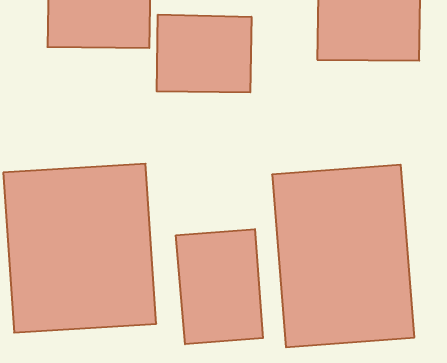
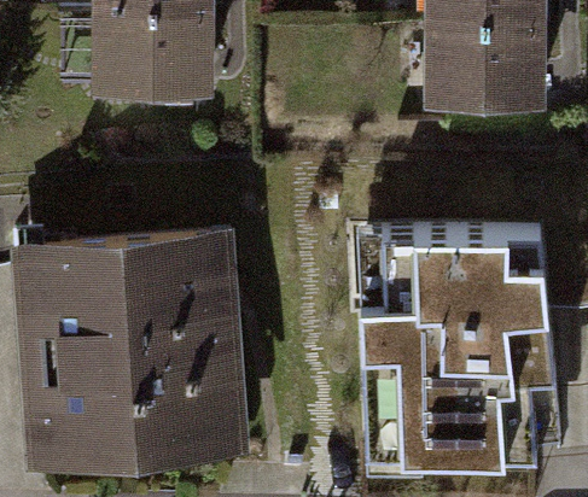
building: [157,15,251,92] -> none
building: [176,229,263,344] -> none

